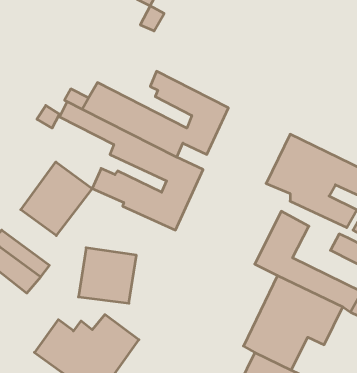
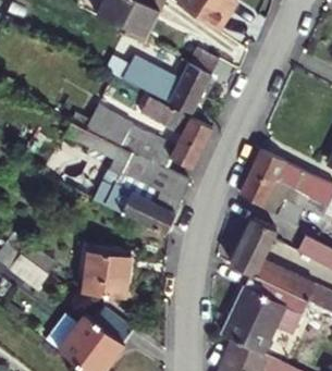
building: none -> [122,48,217,114]
building: [21,162,92,236] -> none

